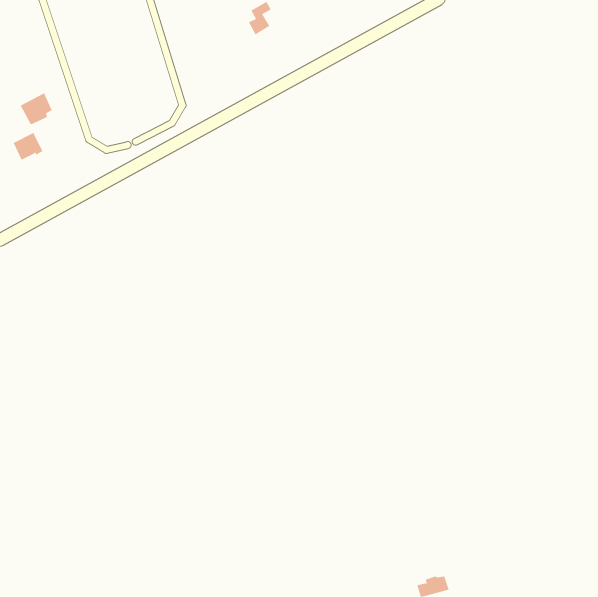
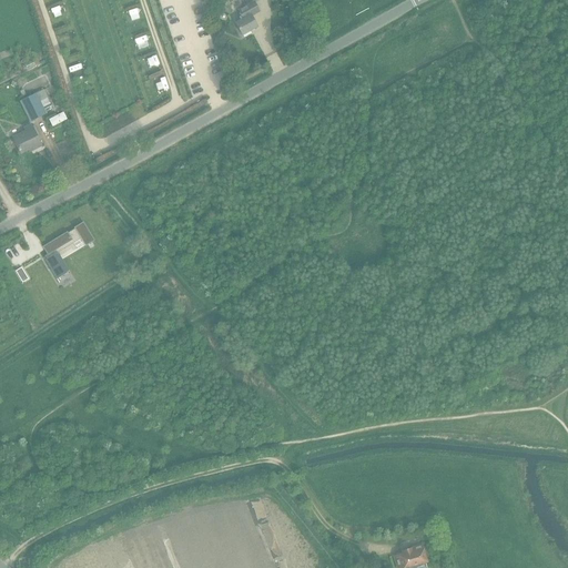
building: none -> [43,222,94,277]

